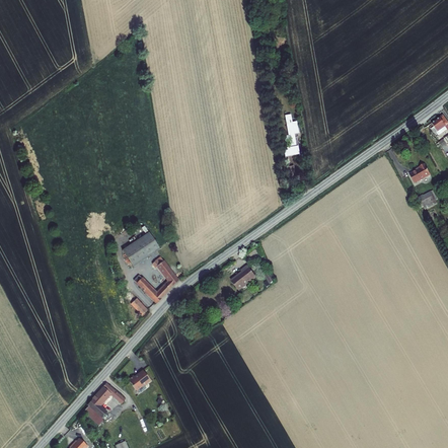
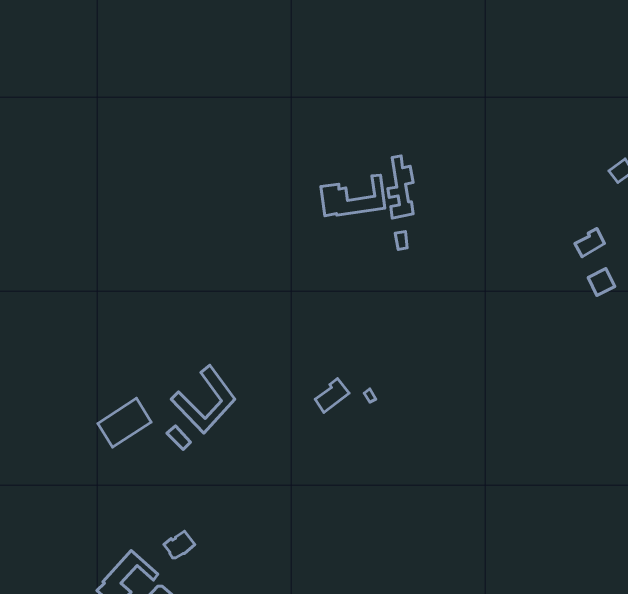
building: none -> [321,175,385,216]
building: [123,232,159,266] -> [98,398,151,447]

